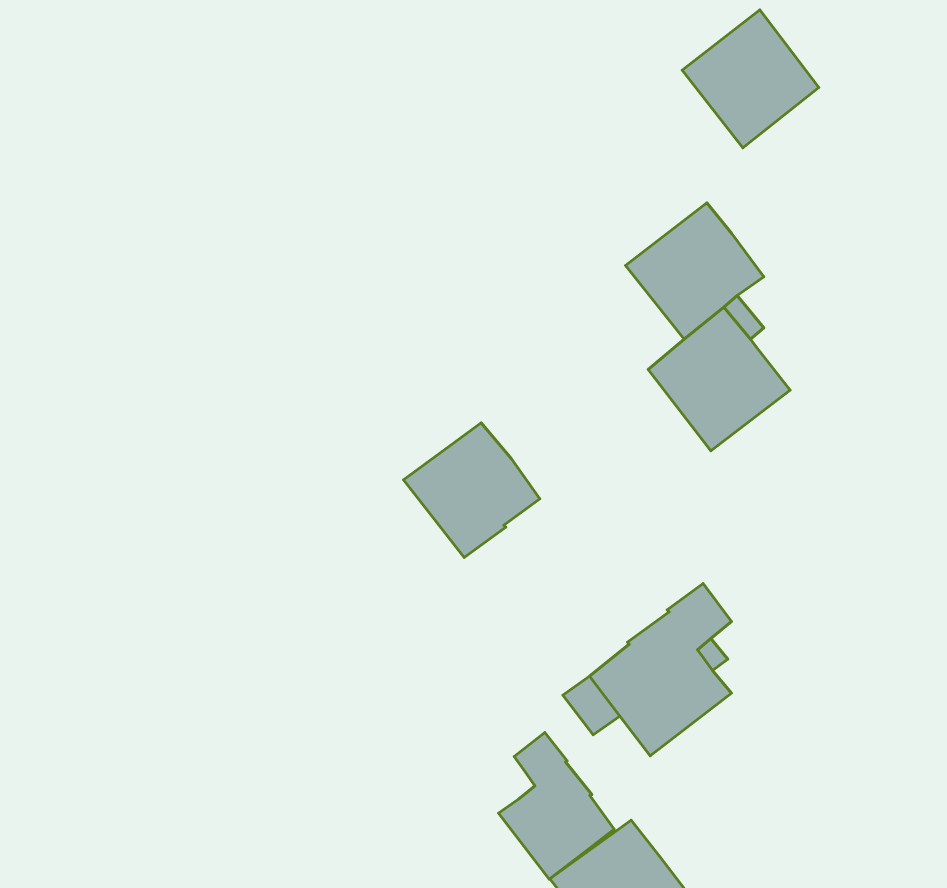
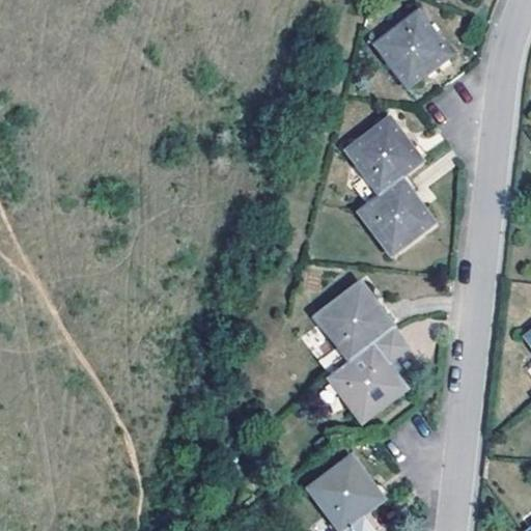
building: [404,423,540,557] -> [313,284,388,358]
building: [499,732,614,879] -> none

